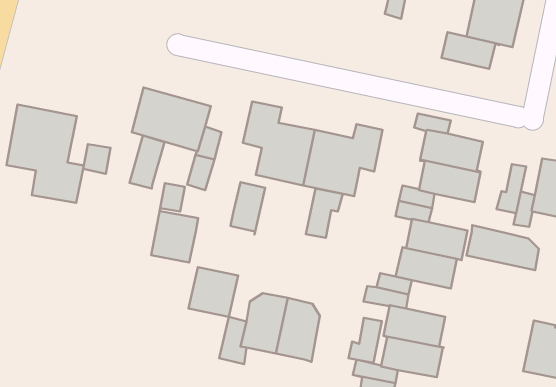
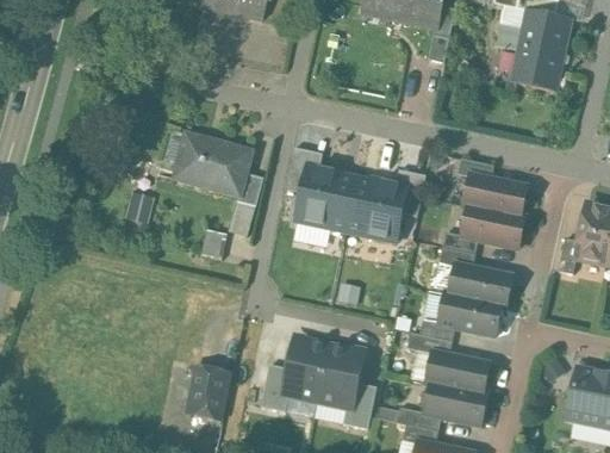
building: [441,32,500,69] -> none
building: [7,105,84,203] -> none
building: [130,136,165,188] -> none
building: [496,164,526,213] -> none
building: [230,182,265,234] -> none
building: [306,188,343,238] -> none
building: [151,208,198,262] -> none
building: [467,225,539,270] -> none
building: [188,267,238,317] -> [182,367,232,417]
building: [349,318,382,363] -> [343,383,376,428]

